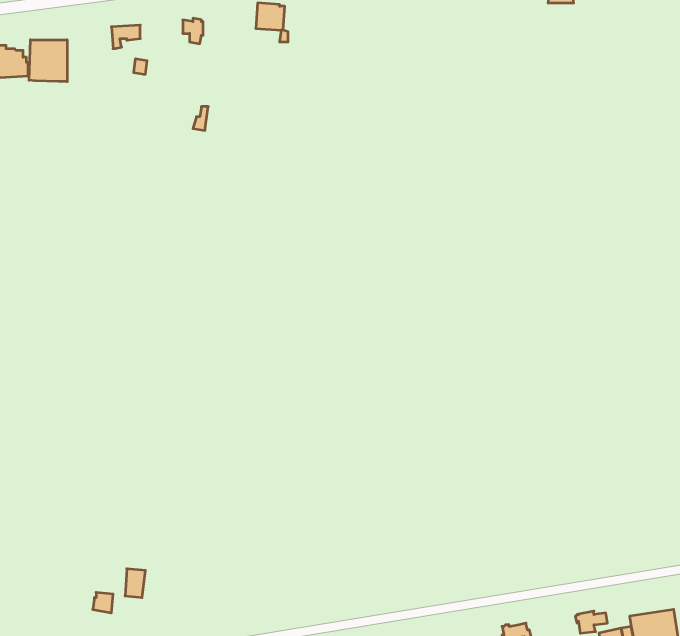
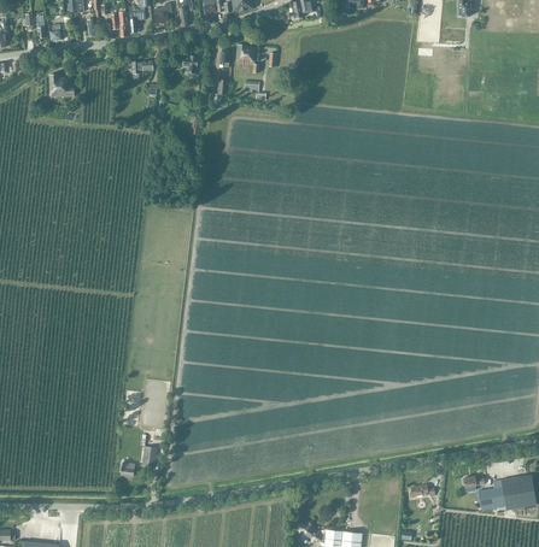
building: [29,40,67,82] -> none

